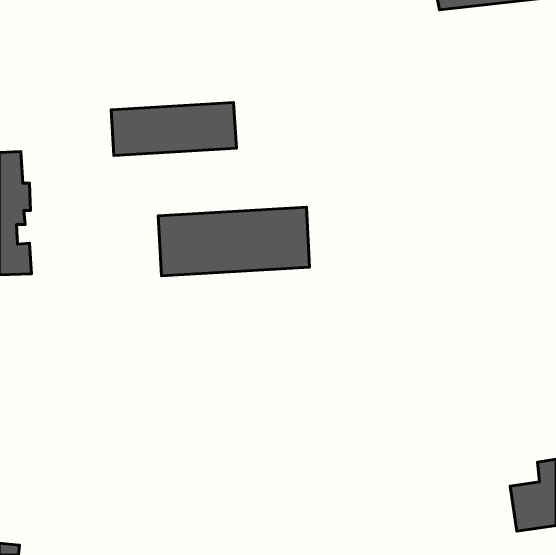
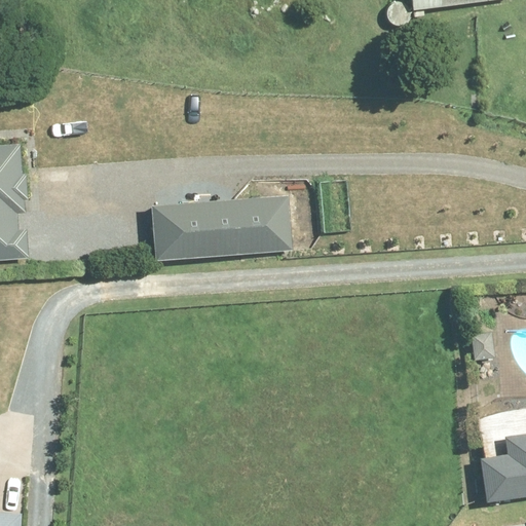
building: [111,103,236,155] -> none

